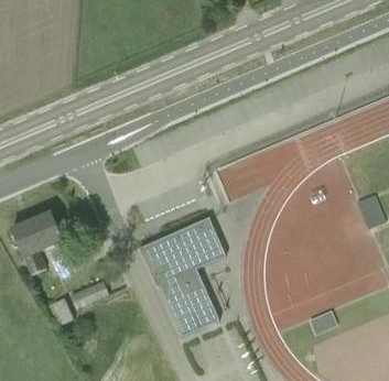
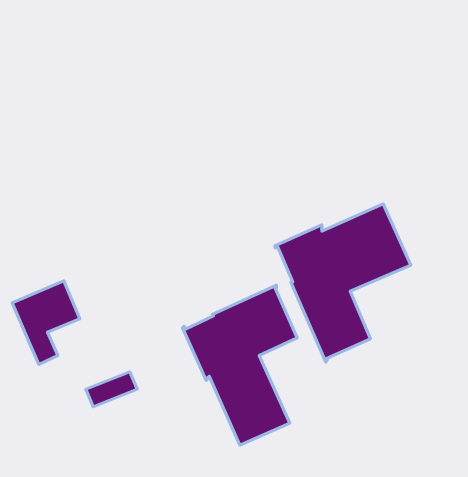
building: none -> [275,204,411,362]

